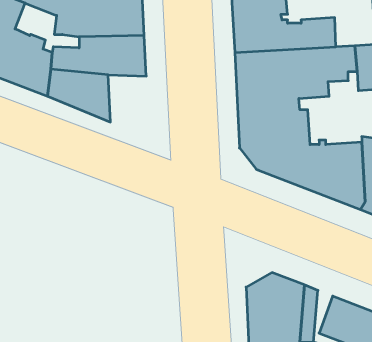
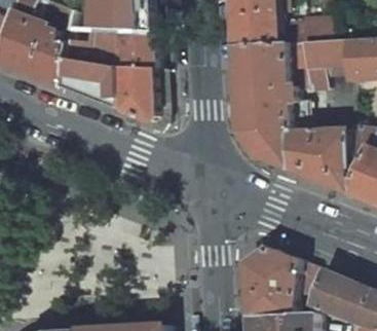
building: none -> [117,69,155,123]

